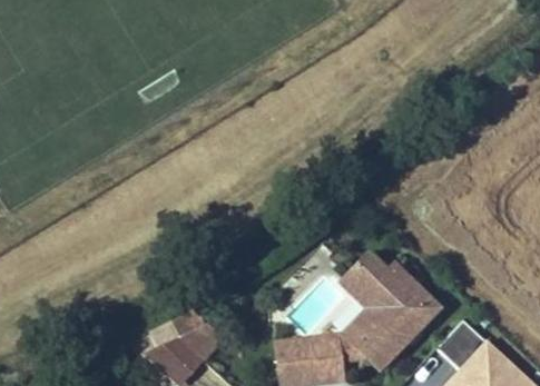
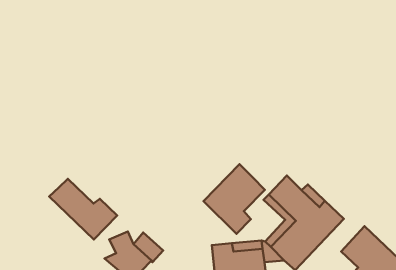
building: none -> [204,164,265,234]
building: none -> [49,179,117,239]

